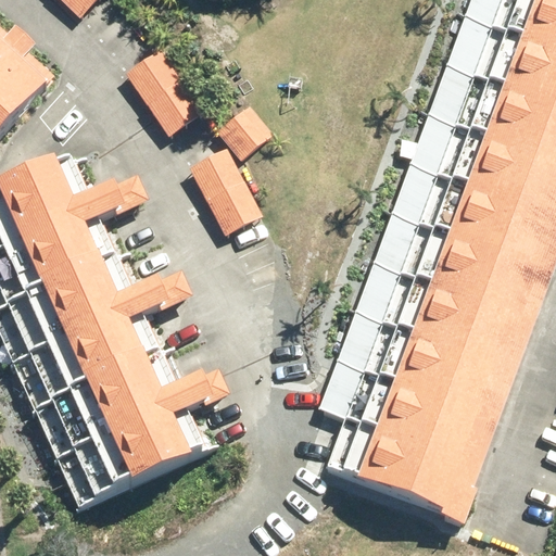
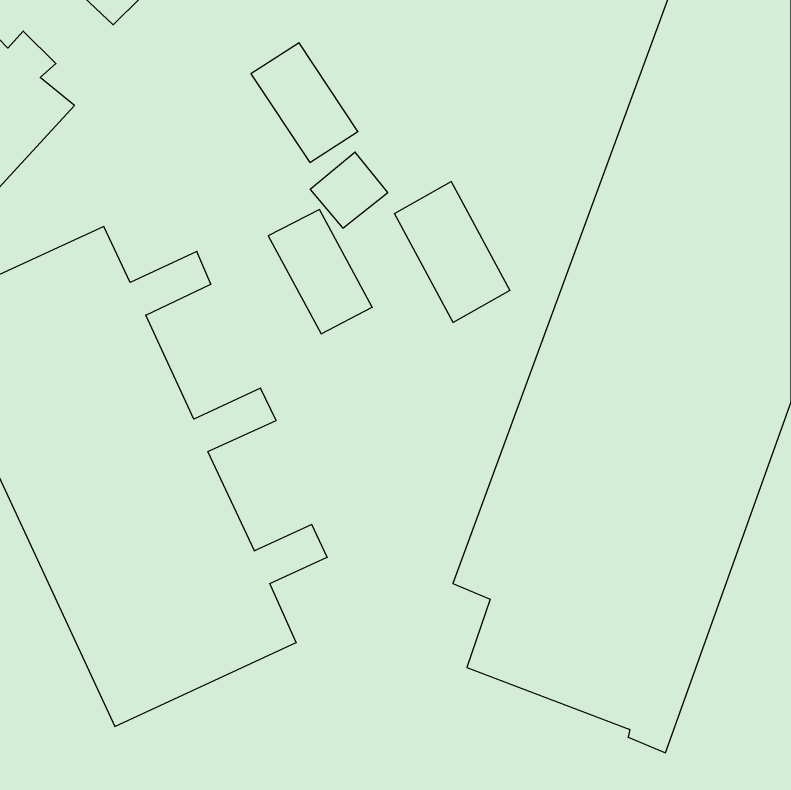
building: [127,51,202,135] -> [251,43,358,162]
building: none -> [394,182,510,322]

